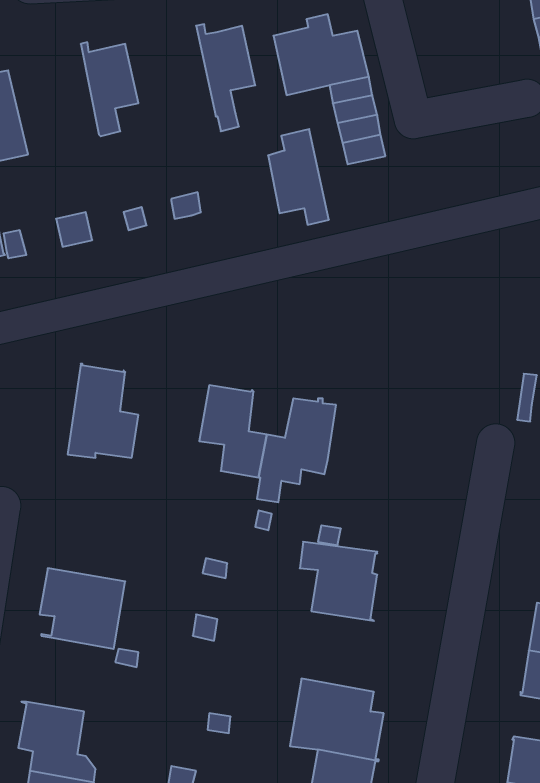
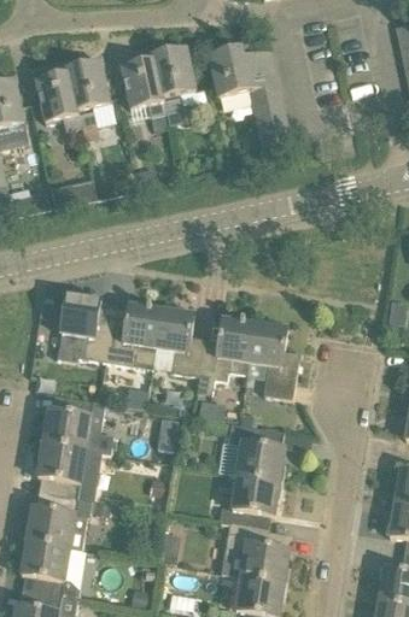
building: none -> [35,59,80,129]
building: [268,129,329,225] -> [121,46,165,116]
building: none -> [104,302,160,368]
building: none -> [247,323,297,398]
building: none -> [40,393,112,454]
building: none -> [218,474,281,530]
building: none -> [27,493,90,550]

